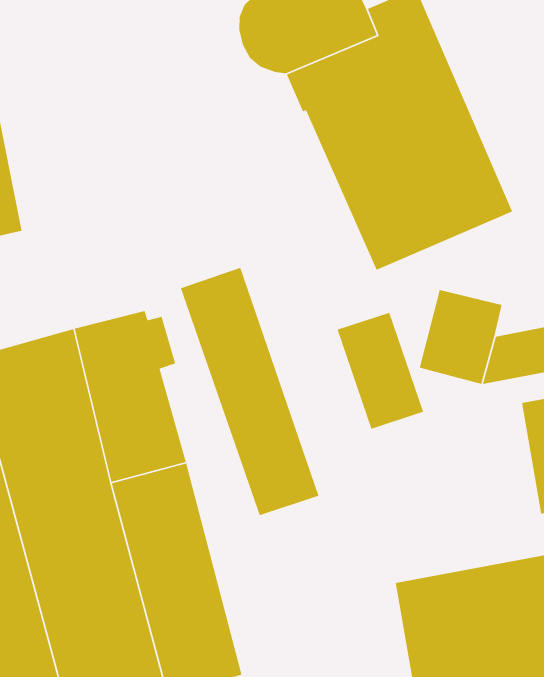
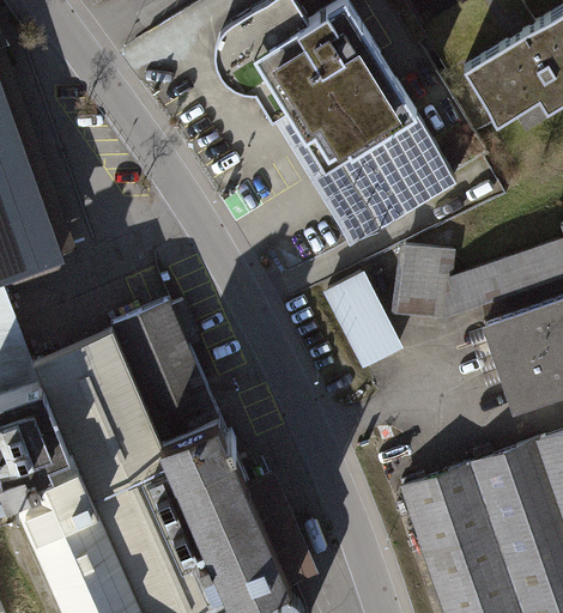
building: [180,267,319,516] -> none

